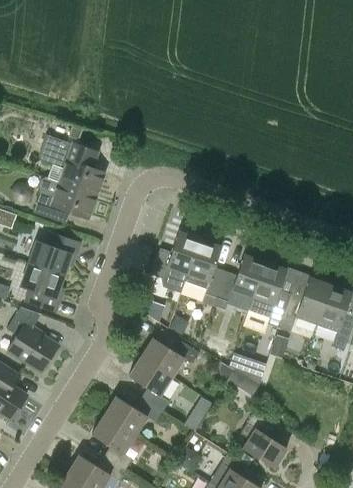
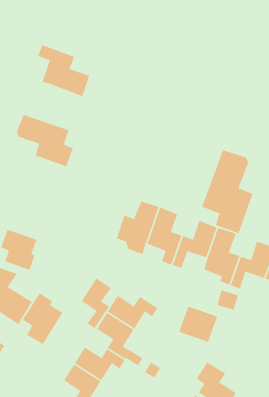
building: none -> [37,44,90,97]
building: none -> [201,149,254,234]
building: [33,177,96,221] -> none
building: [29,233,79,276] -> none
building: none -> [81,277,112,329]
building: none -> [22,292,64,345]

